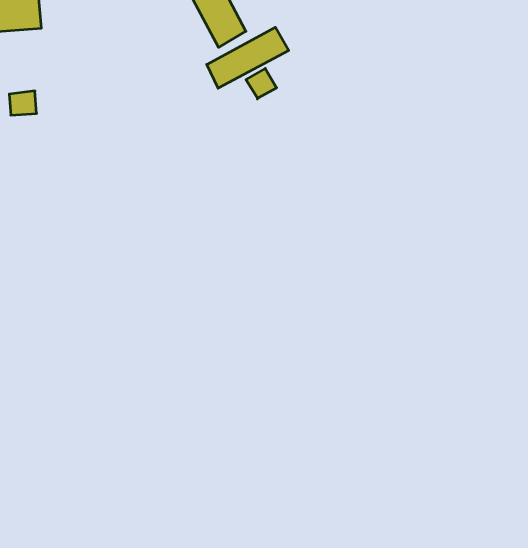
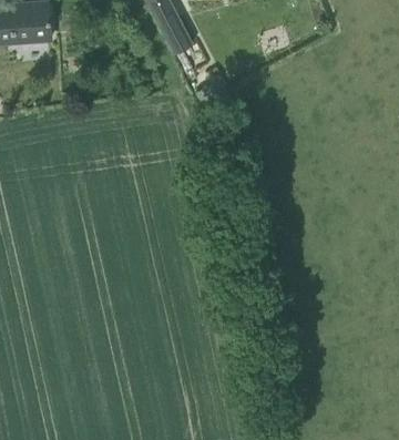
building: [207,27,289,88] -> none

